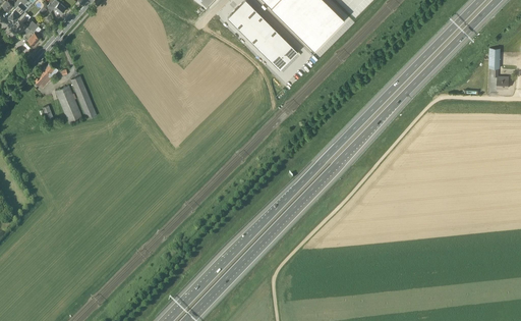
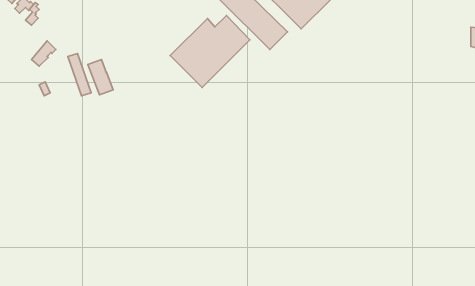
building: none -> [170,15,250,87]
building: [55,86,81,122] -> [88,59,113,95]

